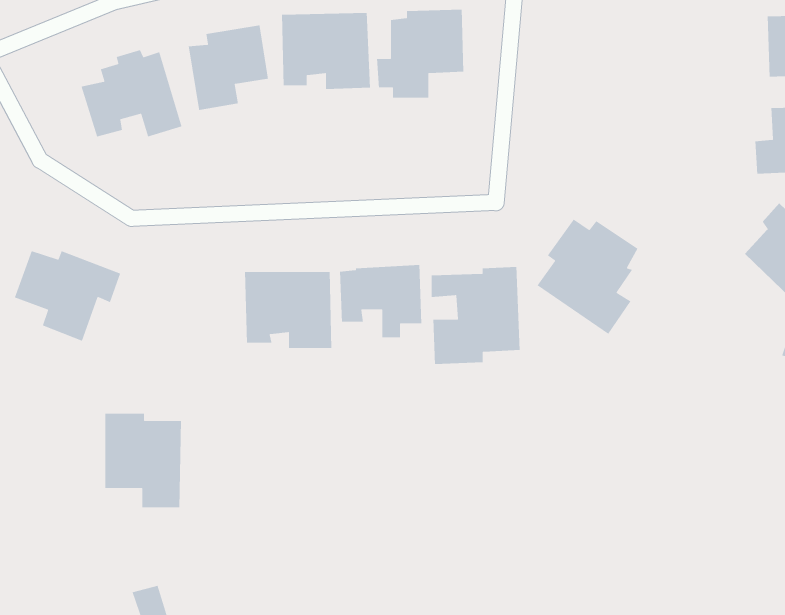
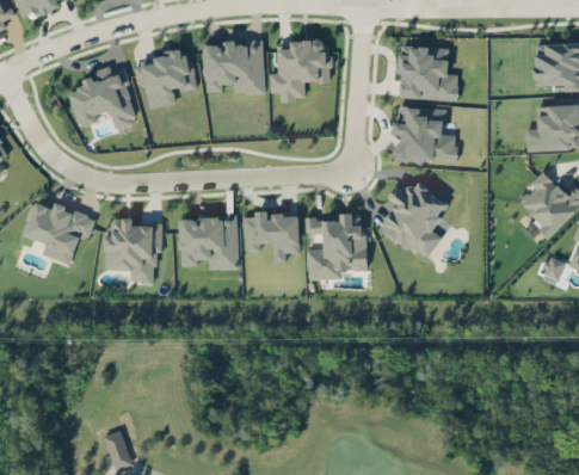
building: none -> [399,45,458,100]
building: none -> [394,106,457,161]
building: [104,413,182,508] -> [106,218,159,283]

